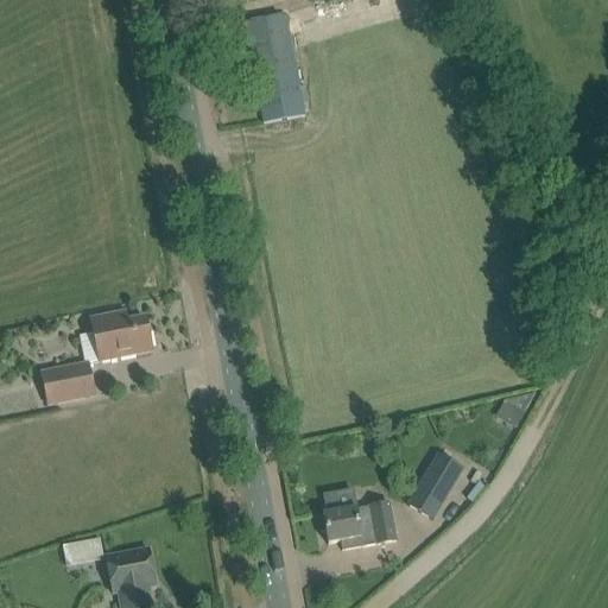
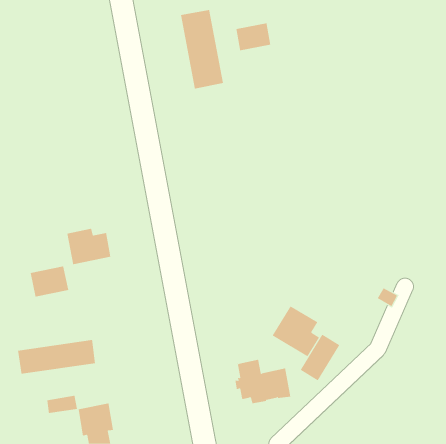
building: none -> [236,23,271,51]
building: none -> [272,305,320,357]
building: none -> [17,339,96,375]

